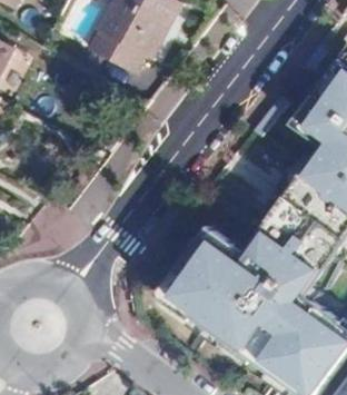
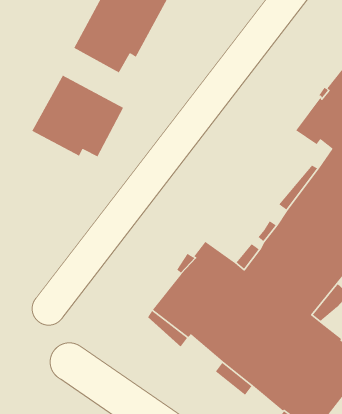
building: none -> [31,74,124,158]

